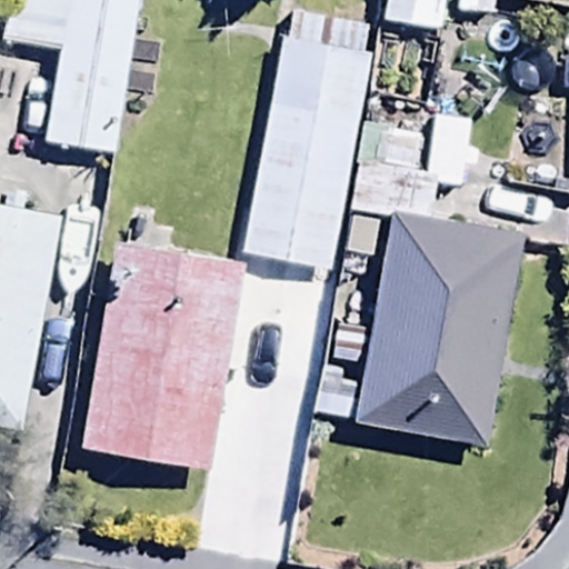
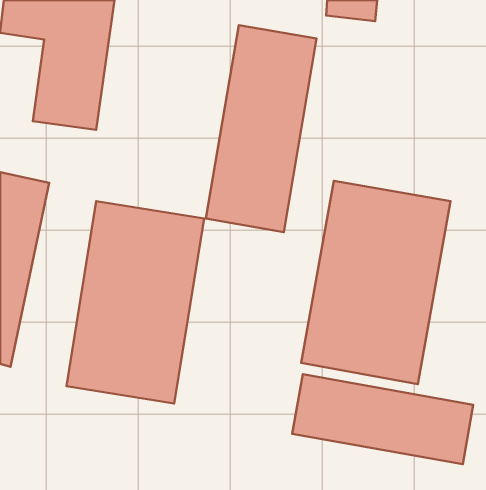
building: none -> [292,374,473,464]

